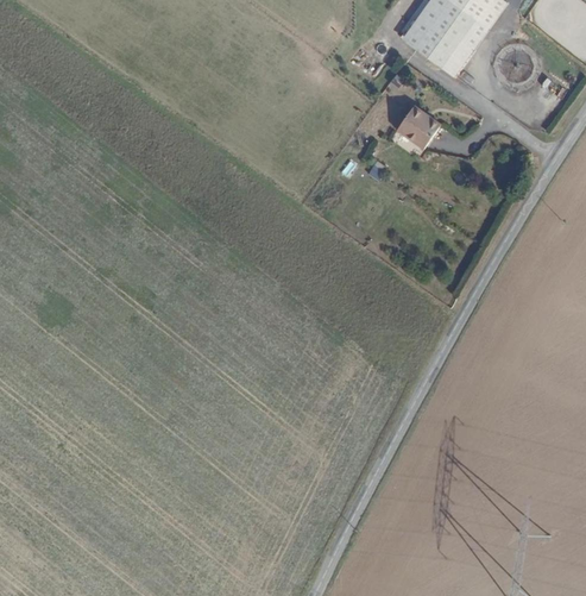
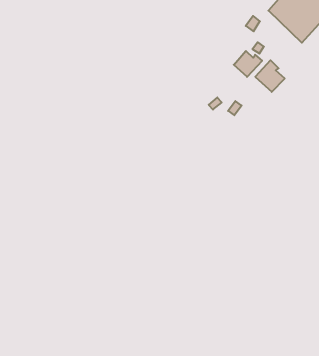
building: none -> [234,51,262,77]

